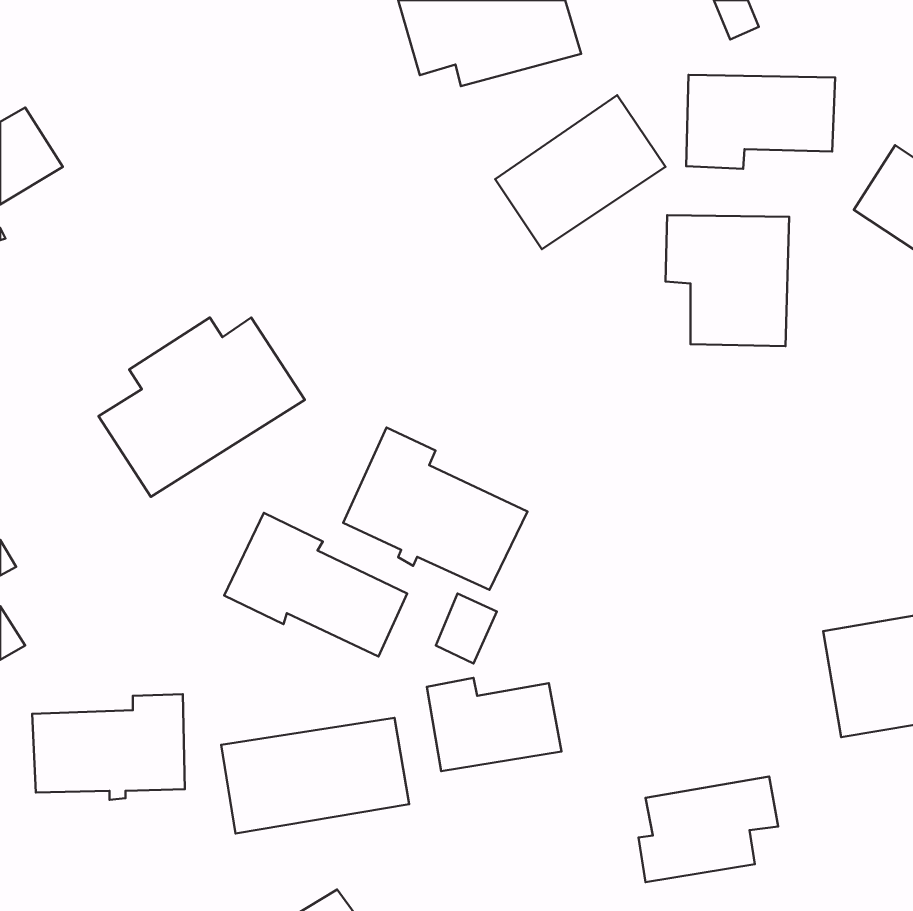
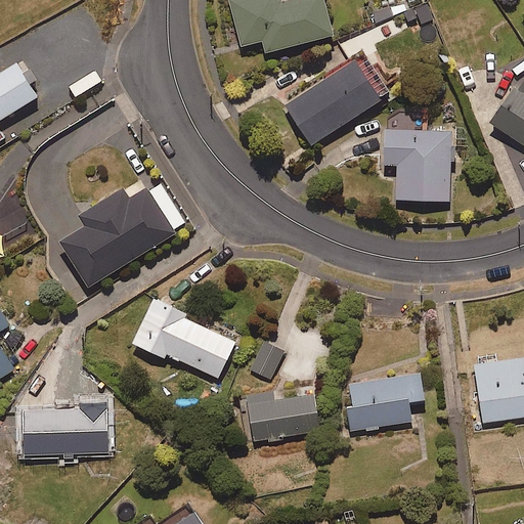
building: [686,75,835,169] -> none
building: [343,427,528,590] -> none
building: [221,718,409,834] -> none
building: [638,776,778,882] -> [345,372,425,432]

